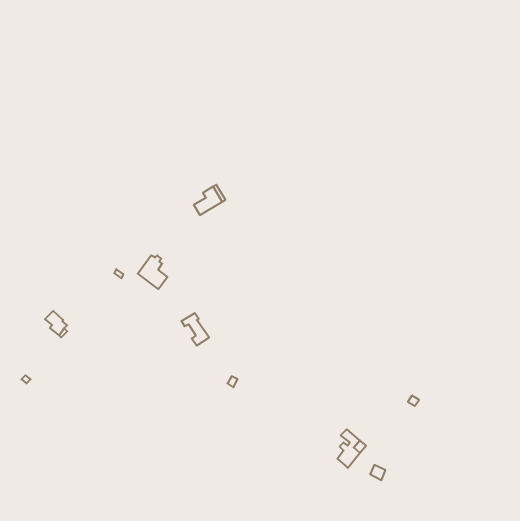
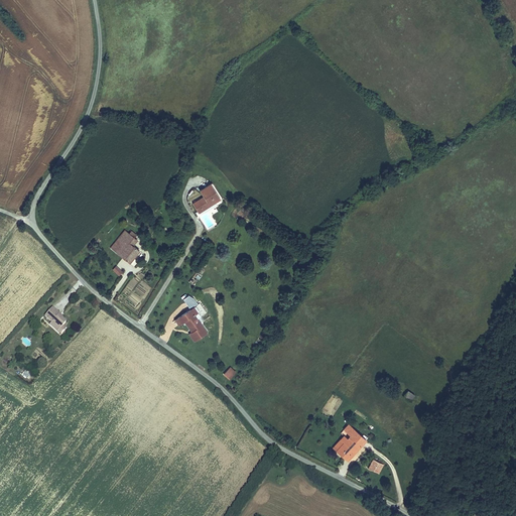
building: [138,255,167,289] -> [111,230,140,263]

